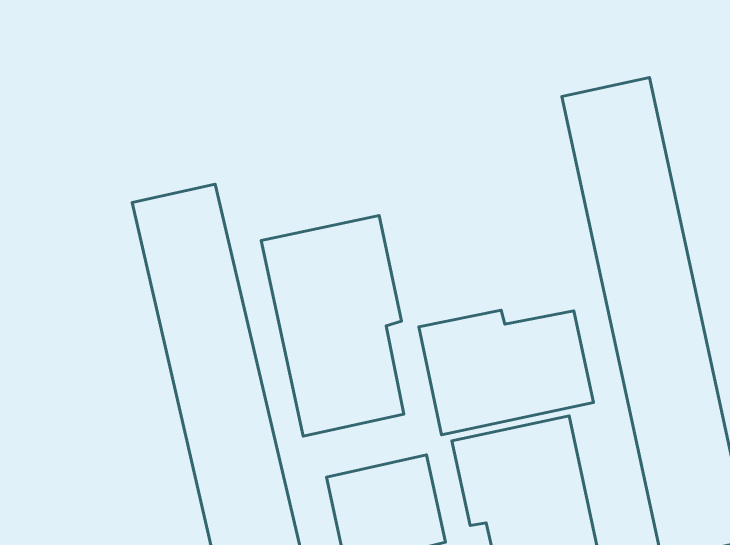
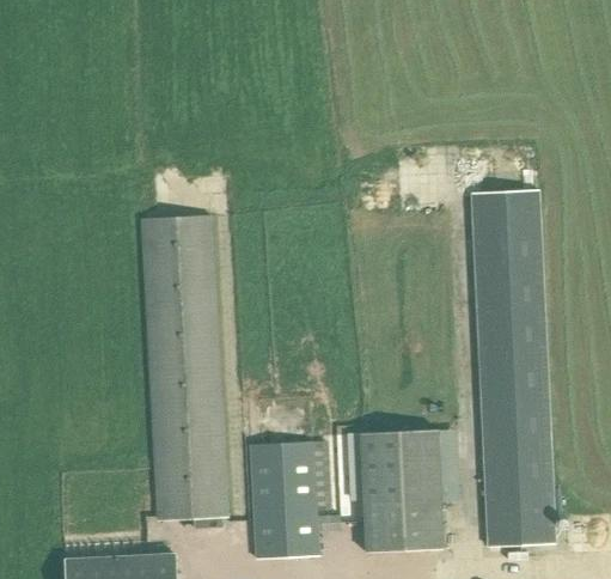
building: [261,216,404,436] -> none
building: [419,310,593,435] -> none

